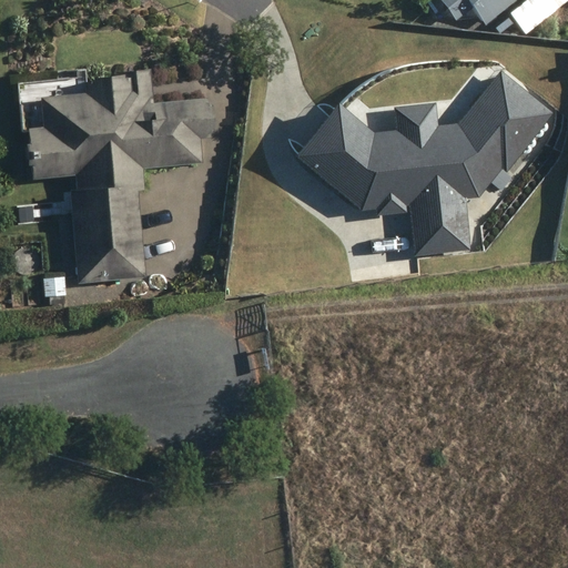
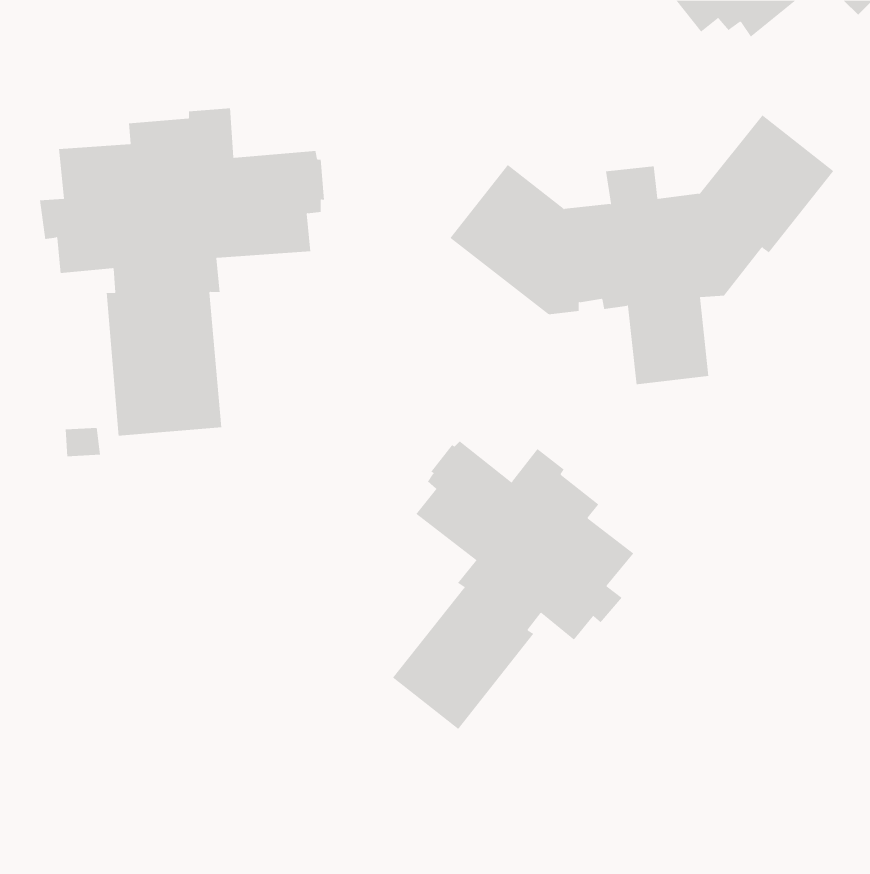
building: none -> [392,441,634,730]

